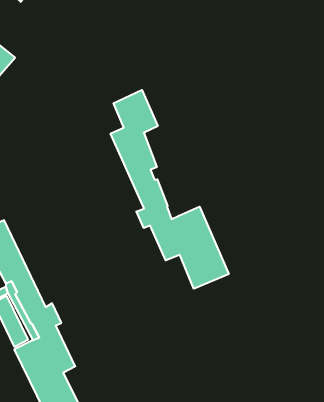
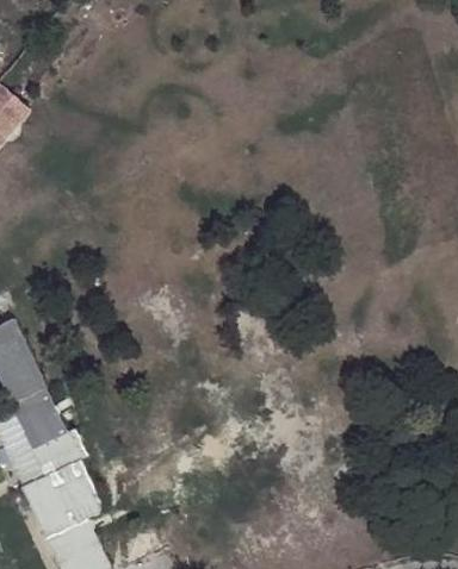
building: [111,90,229,289] -> none

